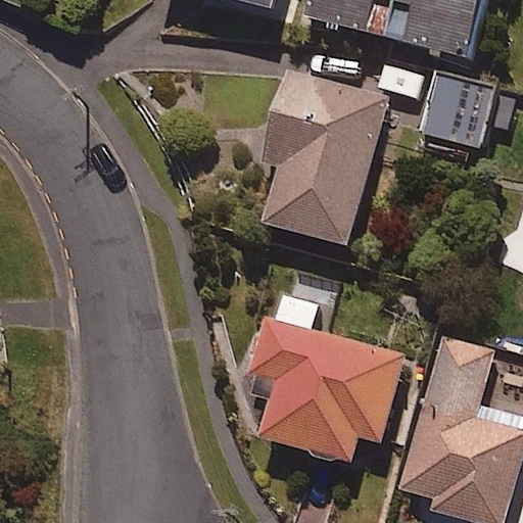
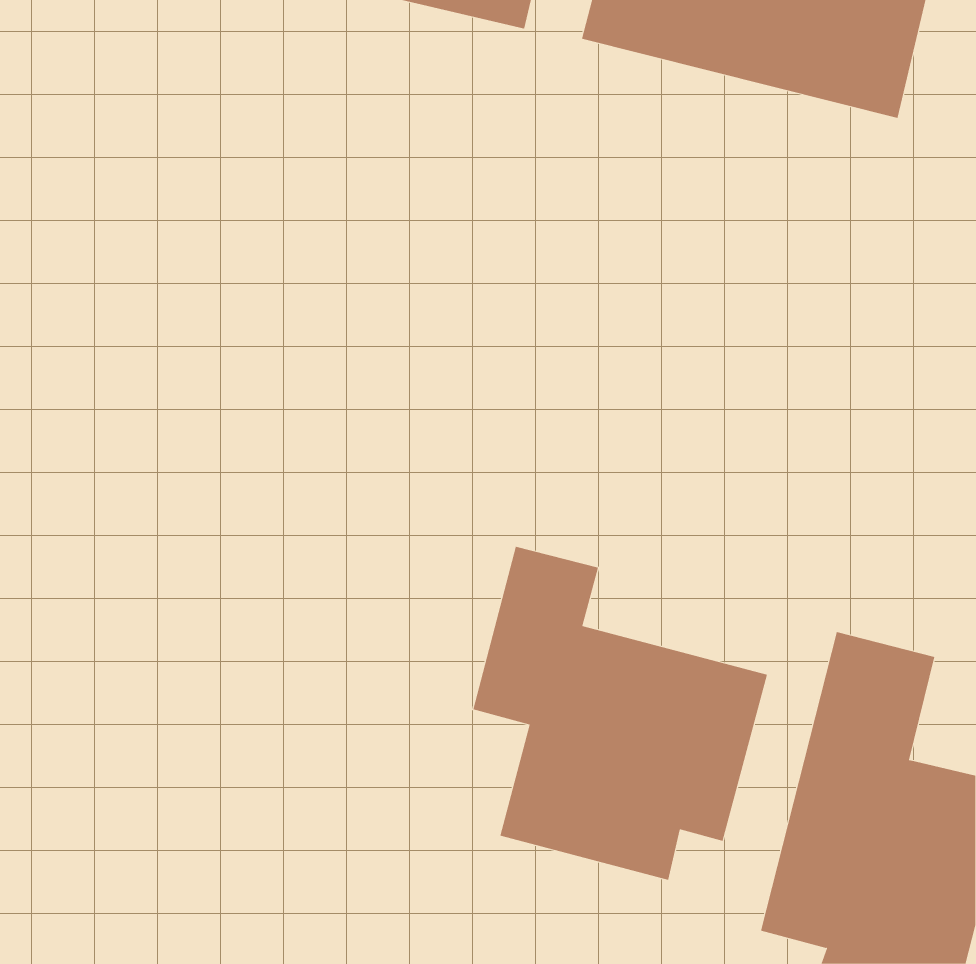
building: [262,67,388,246] -> none
building: [420,68,495,146] -> none

